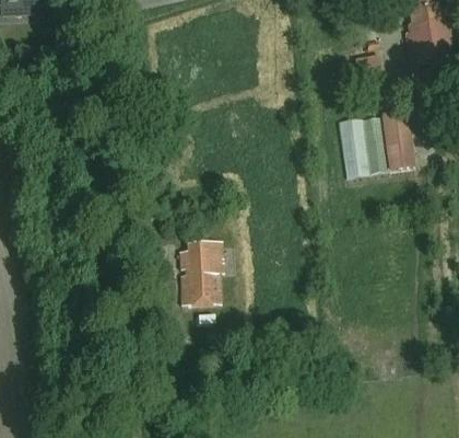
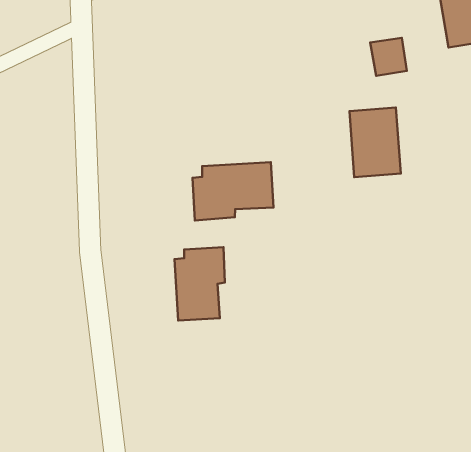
building: [379,109,414,170] -> none
building: none -> [193,162,274,221]

